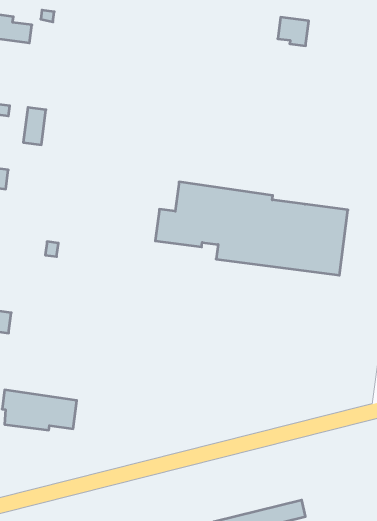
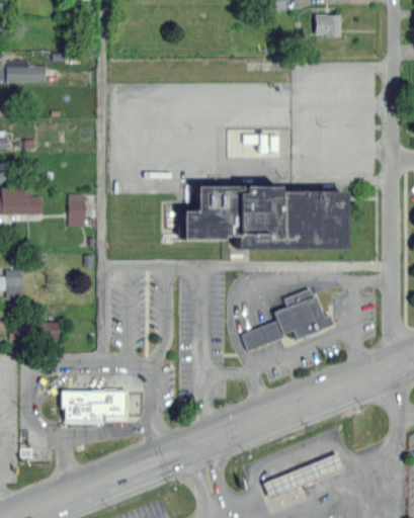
building: [278,17,309,46] -> [315,14,340,36]
building: [23,107,46,145] -> [69,194,85,226]
building: none -> [242,290,333,353]

